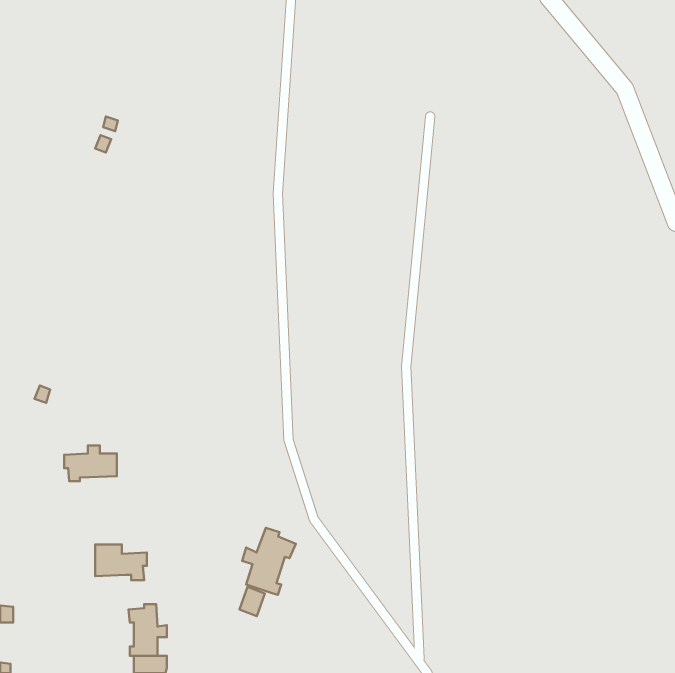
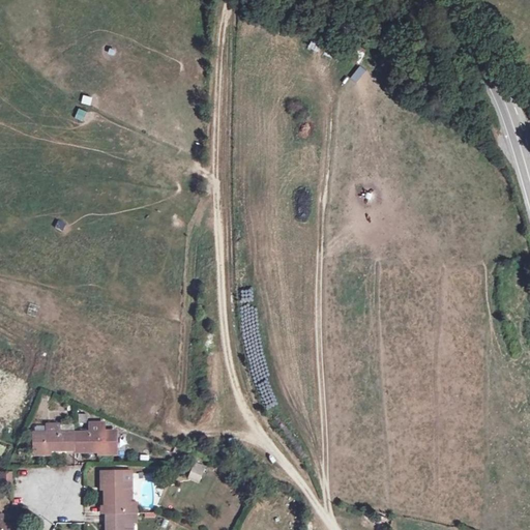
building: [64,446,117,481] -> [34,426,76,454]
building: [242,528,296,595] -> none

